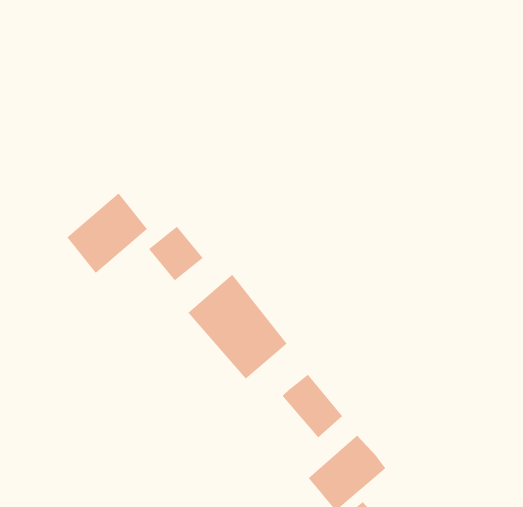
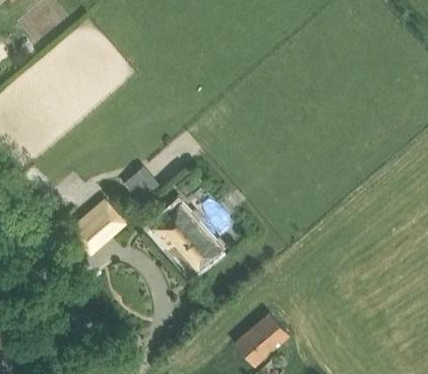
building: [67,193,148,274] -> [68,198,125,255]
building: [282,374,343,438] -> none

